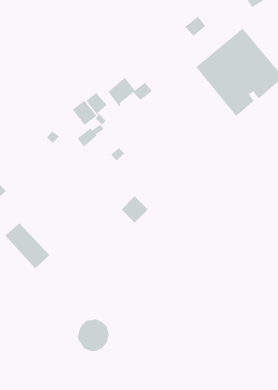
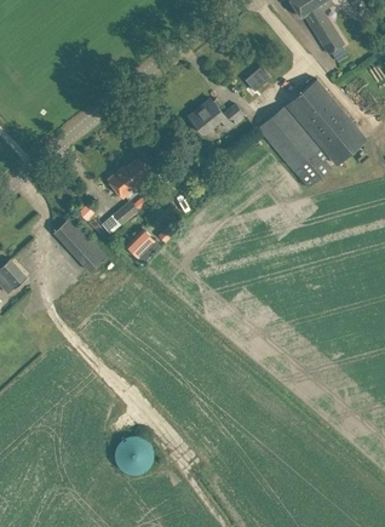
building: [107,77,153,108] -> [189,98,245,136]
building: [121,196,148,223] -> [126,229,160,263]
building: [5,223,50,269] -> [50,216,105,273]

